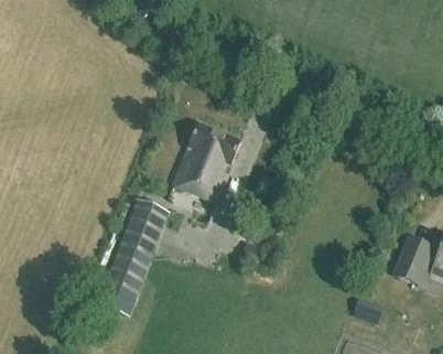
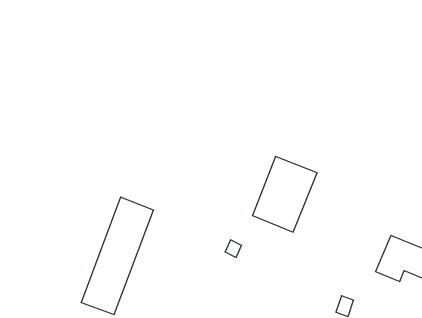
building: [174,124,239,200] -> [252,156,317,232]

